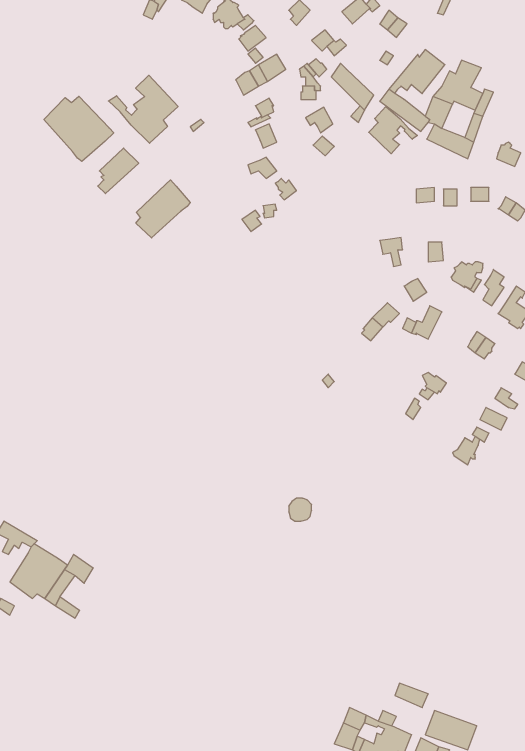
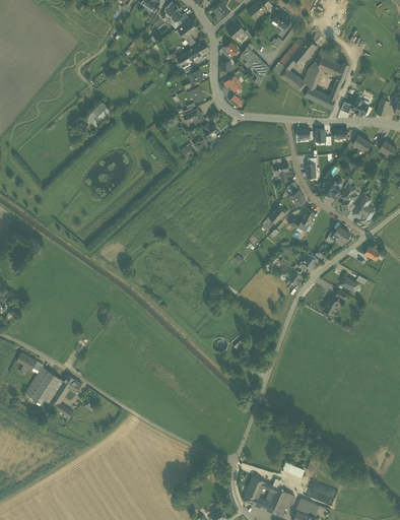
building: [108,75,178,143] -> none
building: [44,96,114,161] -> none
building: [369,107,417,154] -> none
building: [136,180,190,238] -> none

